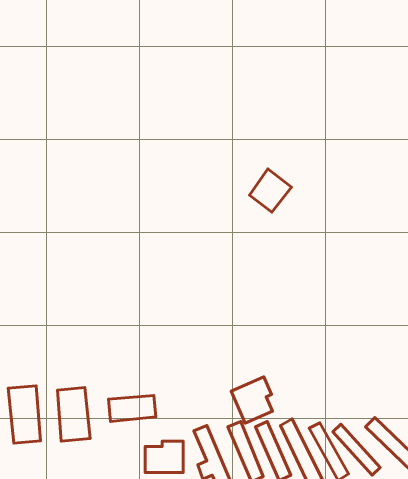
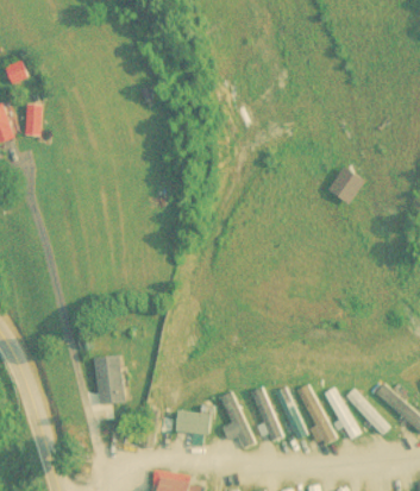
building: [250,169,292,212] -> [327,164,365,203]
building: [231,377,272,423] -> none
building: [8,386,41,443] -> none
building: [108,395,156,422] -> none

